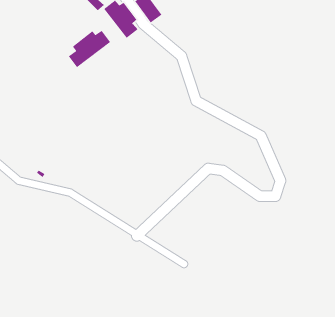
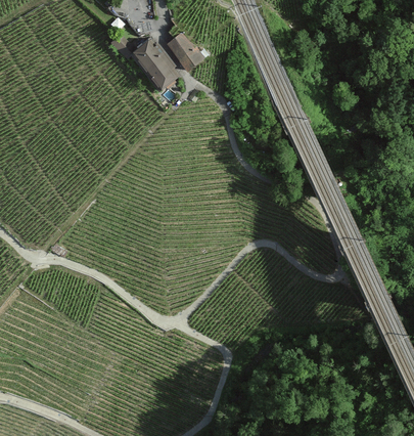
building: [68,30,111,68] -> none

